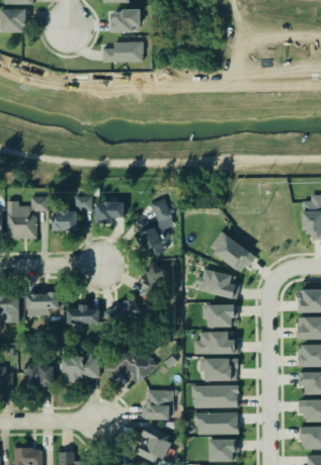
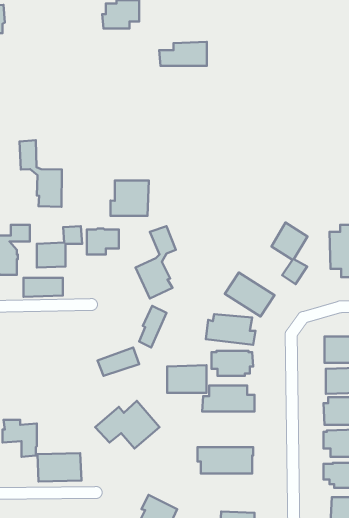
building: [102,41,143,62] -> [159,42,207,66]
building: none -> [20,140,62,207]
building: none -> [111,180,149,216]
building: none -> [271,222,307,284]
building: [25,293,59,309] -> [24,278,63,297]
building: [67,305,99,323] -> none
building: [62,356,99,380] -> [37,453,81,482]
building: [205,358,238,381] -> [167,365,206,393]
building: [140,388,172,417] -> none
building: [192,410,237,434] -> none

